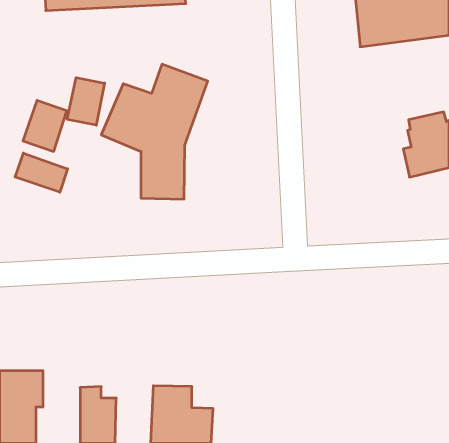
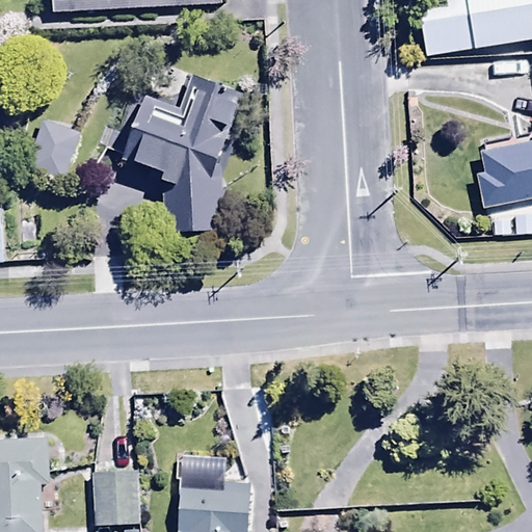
building: [67,78,105,125] -> none
building: [15,153,68,192] -> none

